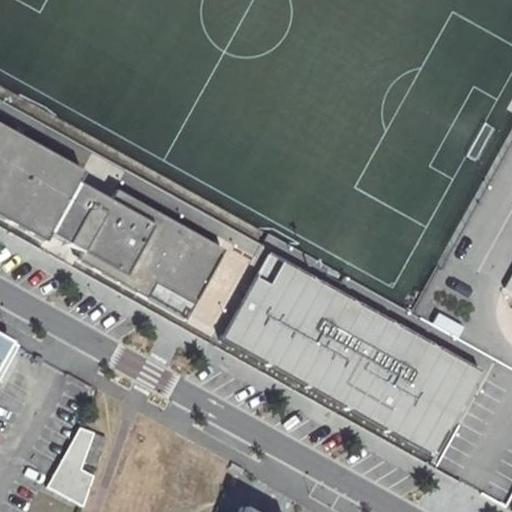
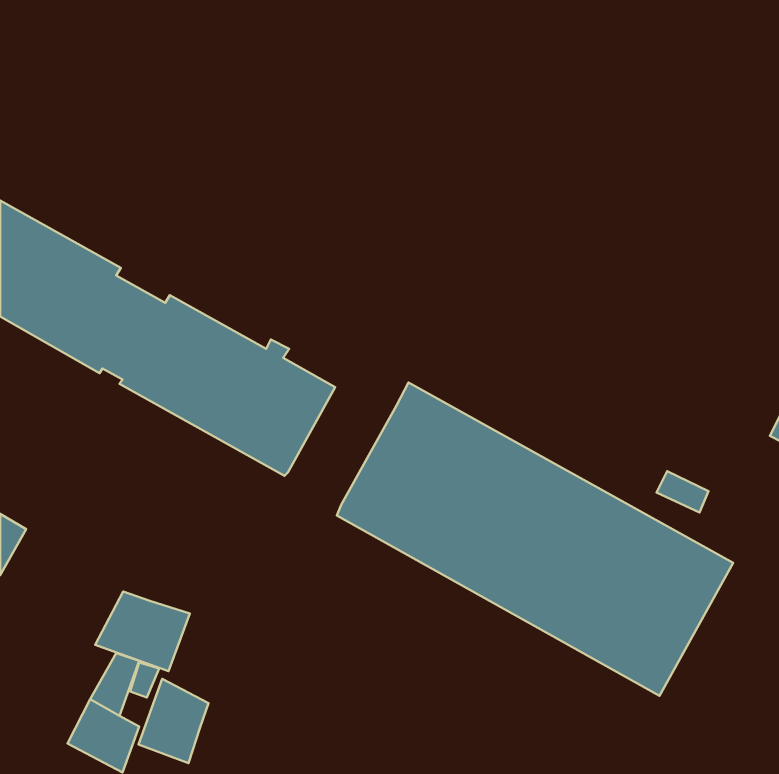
building: none -> [95,591,190,671]
building: none -> [138,679,209,763]

